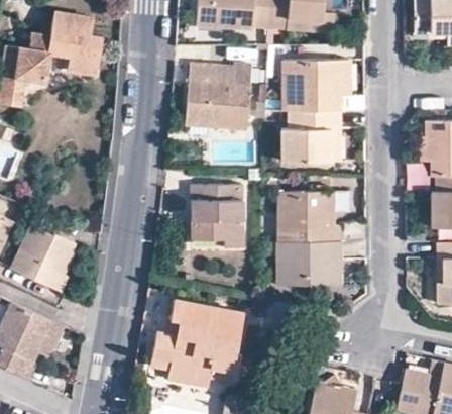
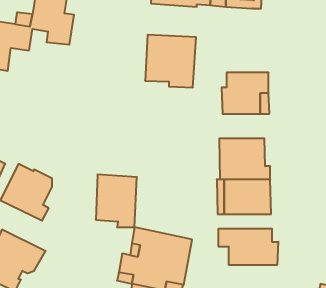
building: [284,62,344,111] -> none
building: [191,183,241,247] -> [96,175,137,227]
building: none -> [219,229,278,265]

